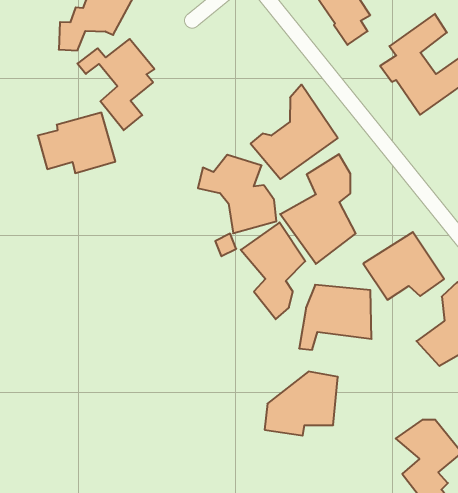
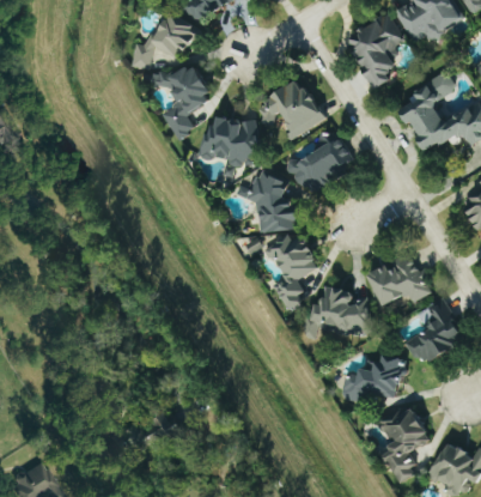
building: none -> [255,80,323,138]
building: [38,113,115,173] -> [200,117,262,165]
building: [280,154,356,264] -> none
building: [265,372,338,436] -> [342,353,408,406]

